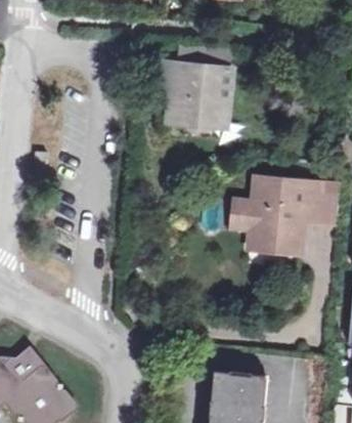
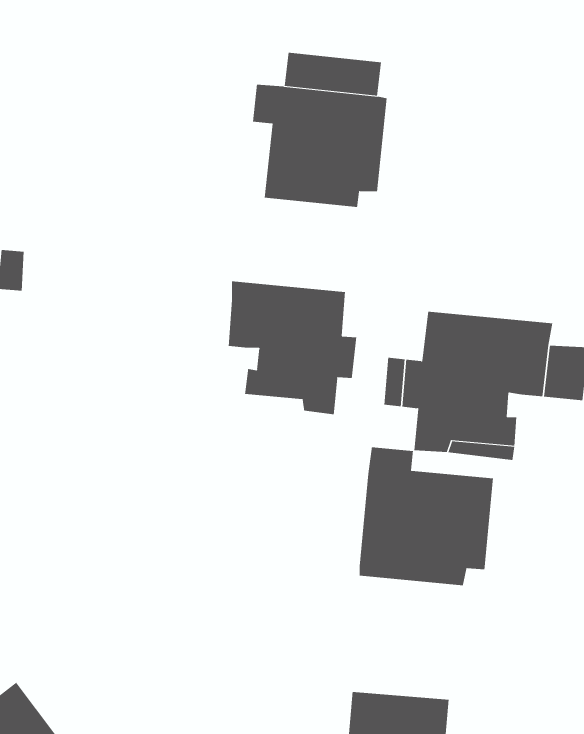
building: none -> [228,281,357,415]
building: none -> [359,447,494,586]

